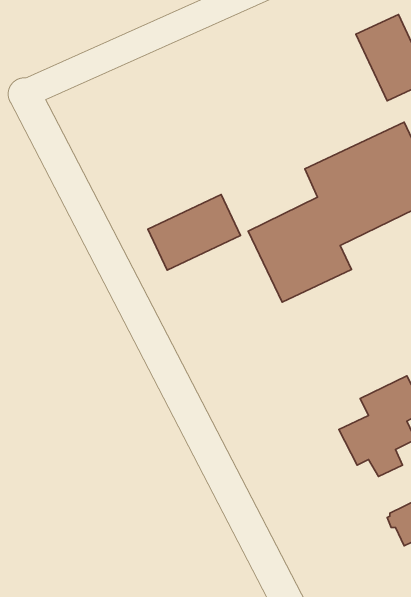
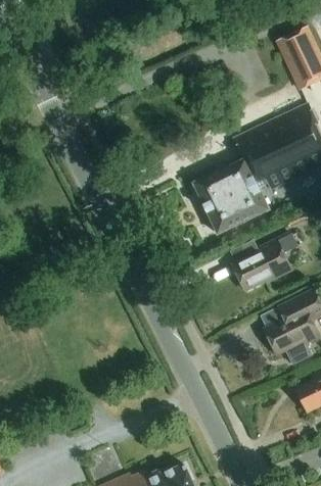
building: [148,195,240,270] -> none
building: none -> [231,231,295,288]

